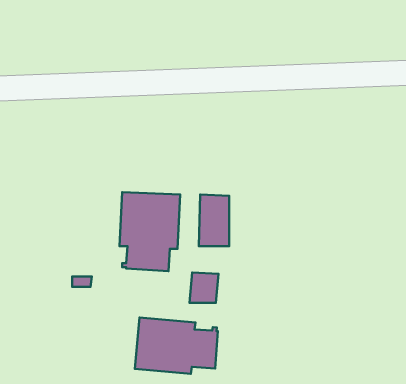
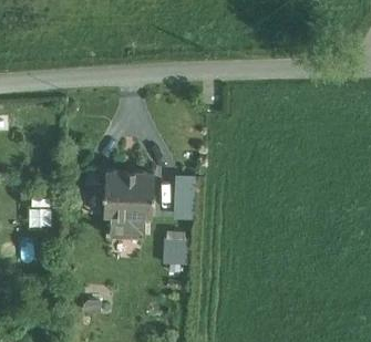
building: [135,318,218,374] -> none

